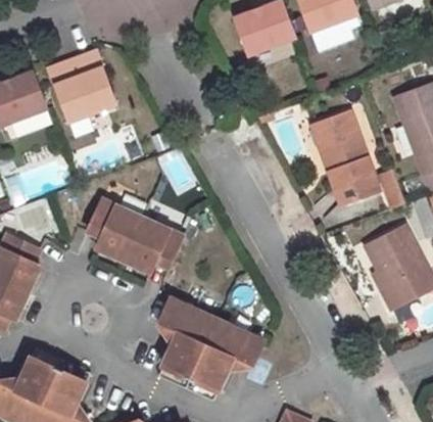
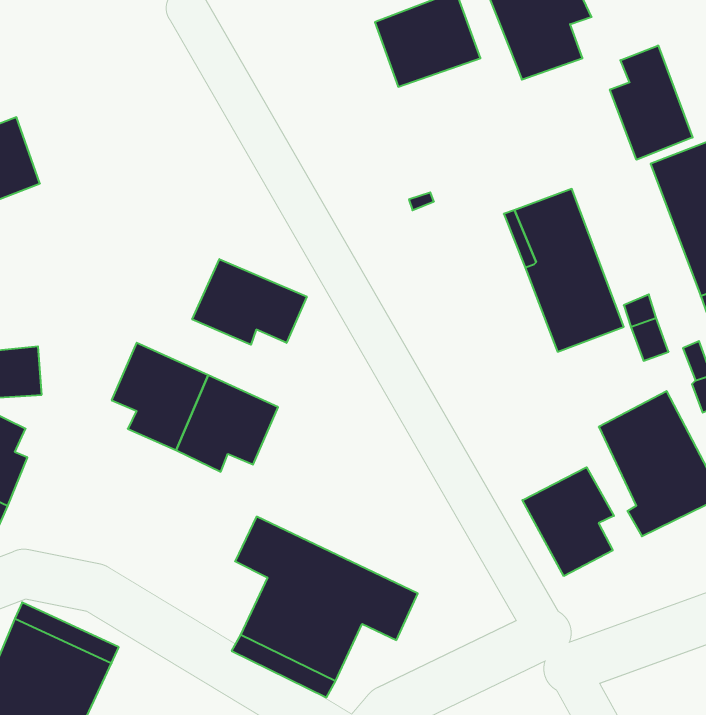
building: none -> [610,45,693,160]
building: [48,52,114,123] -> none
building: none -> [192,259,307,345]
building: none -> [522,467,614,576]

